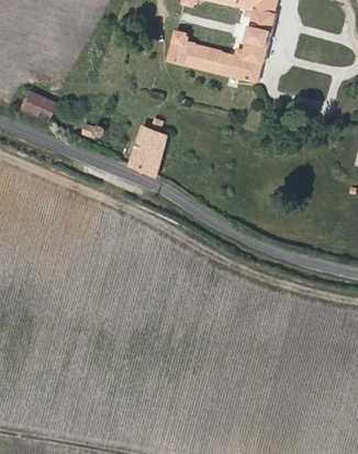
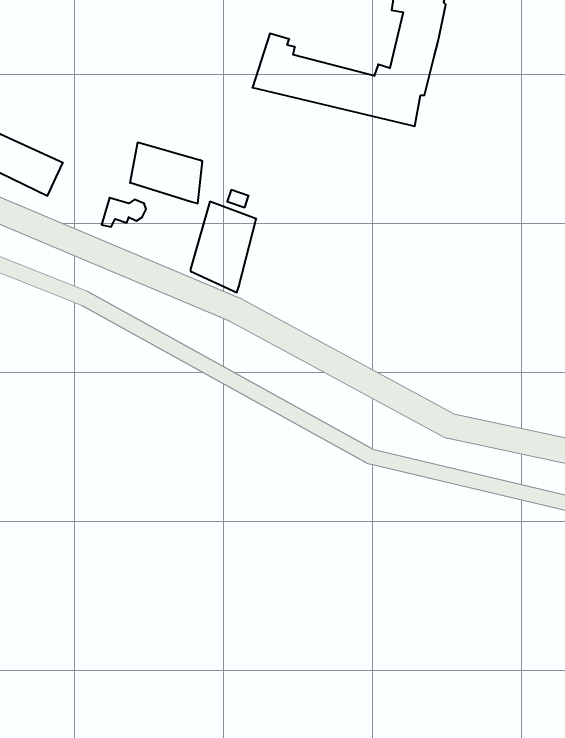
building: none -> [130,142,202,204]

